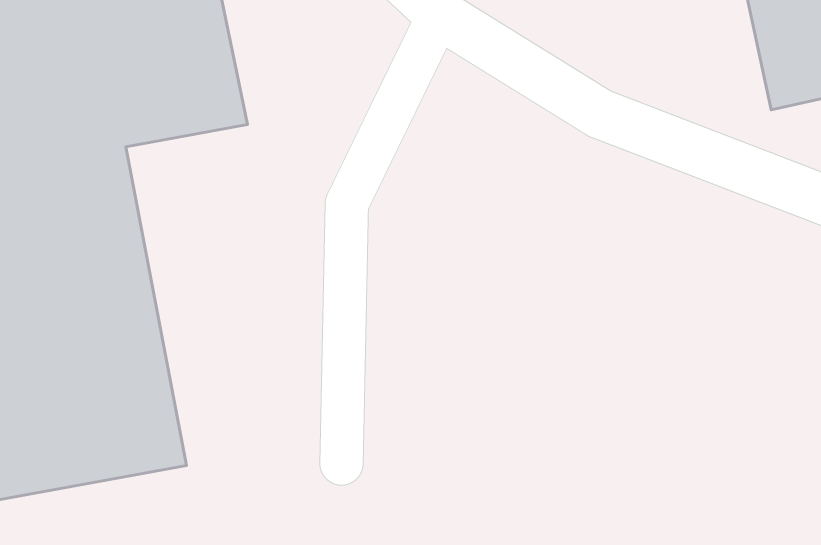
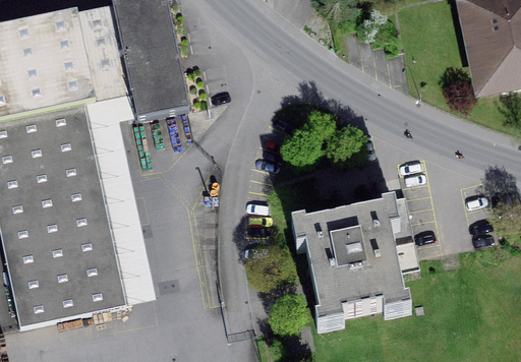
building: none -> [301,207,408,321]

